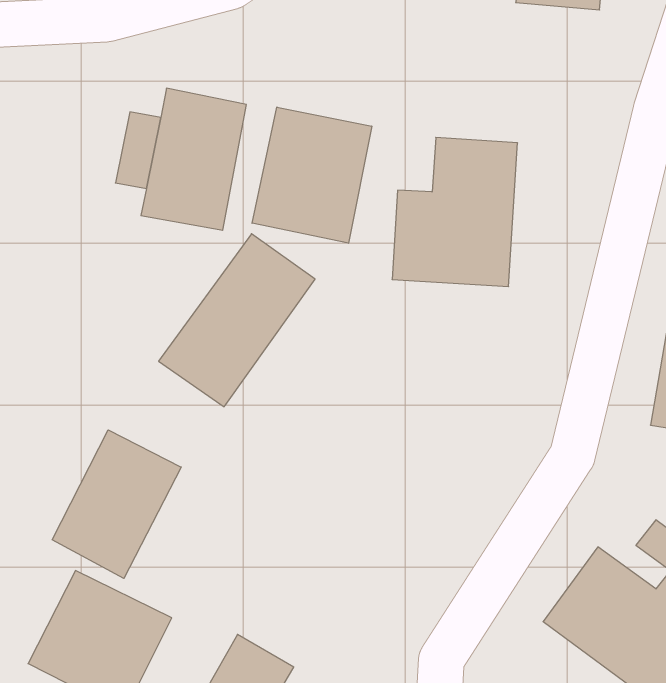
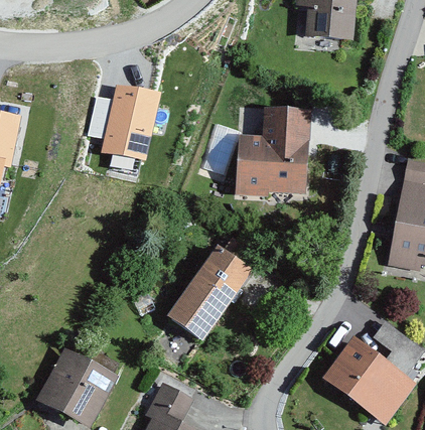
building: [252,107,372,243] -> none
building: [159,234,315,407] -> [167,245,254,340]
building: [52,430,181,578] -> none

